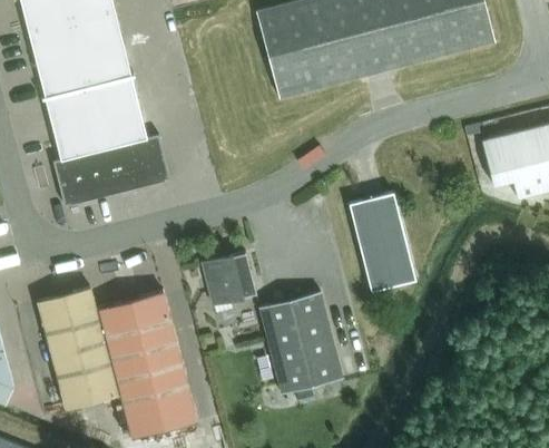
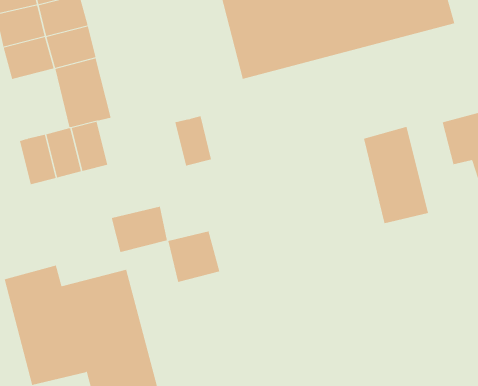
building: [45,87,102,158] -> none
building: [131,134,169,185] -> [175,116,212,166]
building: [349,192,415,291] -> [363,126,429,224]
building: none -> [111,206,168,253]
building: [258,291,342,393] -> none

